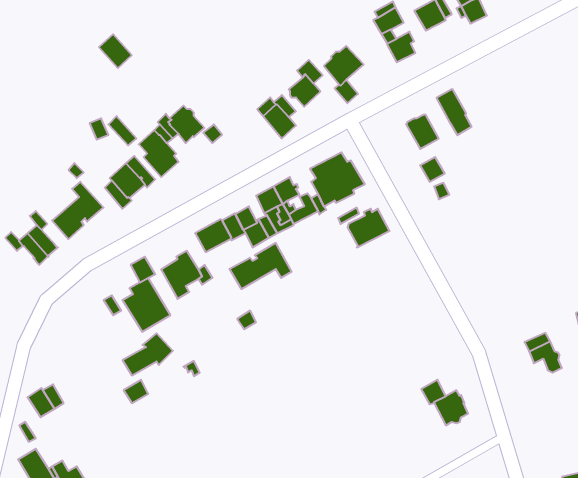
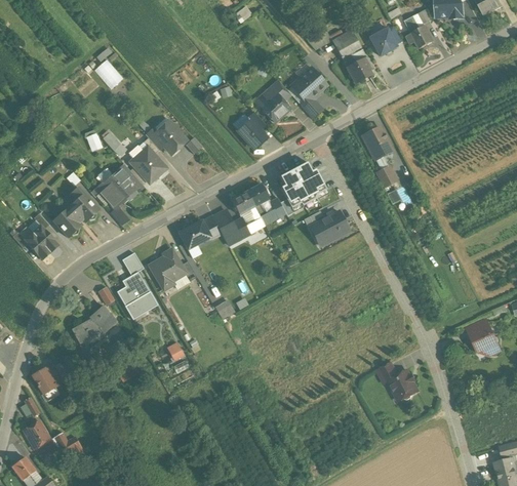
building: [437,89,471,135] -> none
building: [230,243,292,289] -> none
building: [123,333,173,375] -> [72,306,116,342]

